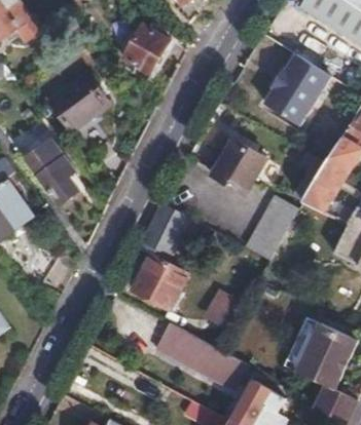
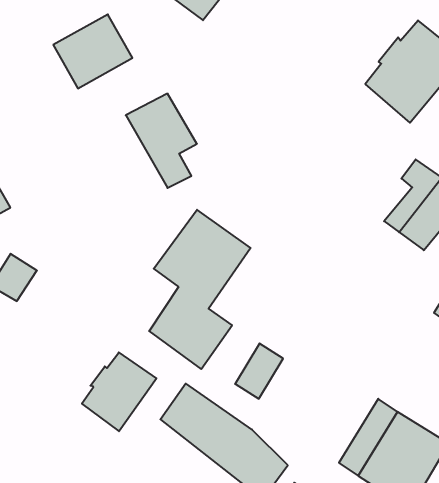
building: [214,139,267,194] -> none
building: [26,140,77,204] -> [126,94,197,188]
building: [245,196,296,258] -> none
building: none -> [82,352,156,431]

